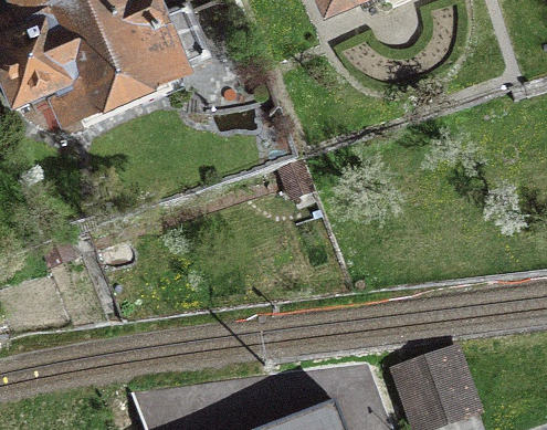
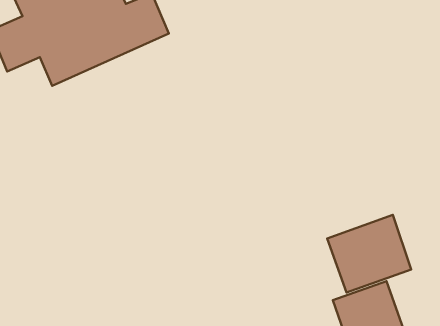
building: none -> [327,215,411,293]

